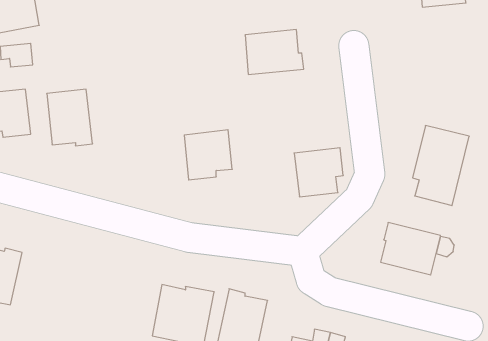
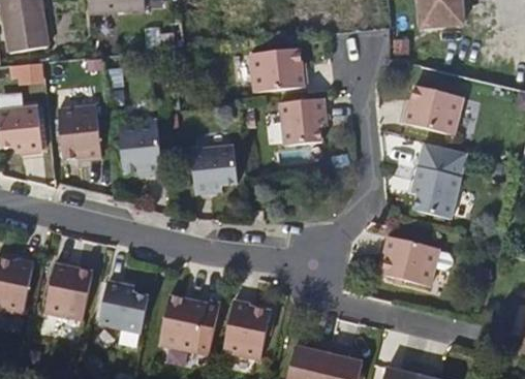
building: none -> [402,85,462,134]
building: none -> [117,121,161,176]
building: [294,148,343,197] -> [278,98,326,146]
building: none -> [43,260,92,320]
building: none -> [98,281,148,334]

